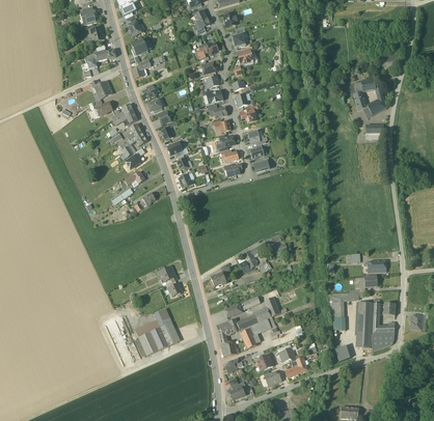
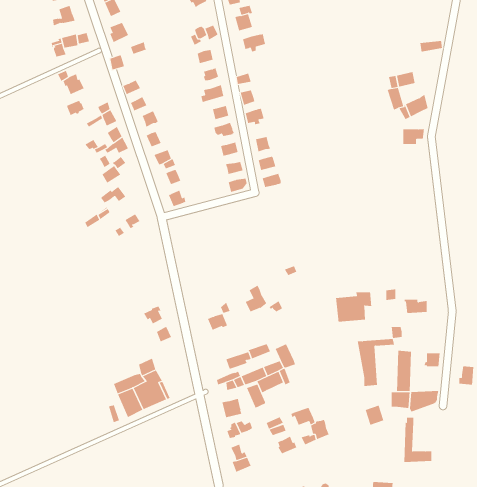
building: none -> [336,291,372,322]
building: [371,298,394,334] -> [404,417,432,463]

